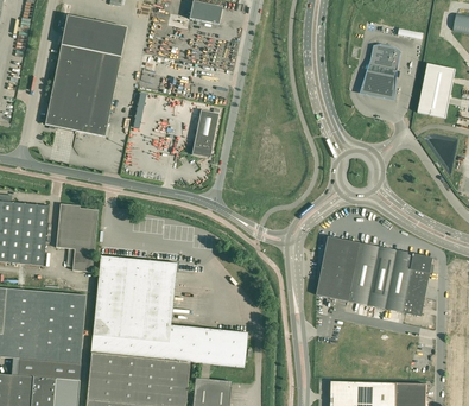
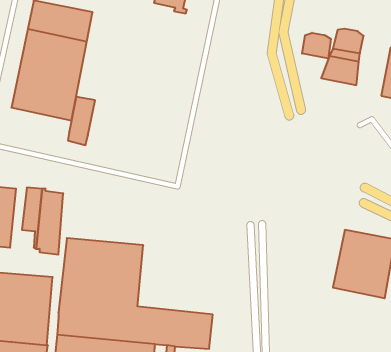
building: none -> [302,33,331,59]
building: [192,109,220,158] -> [68,97,95,145]
building: [317,236,381,305] -> none

